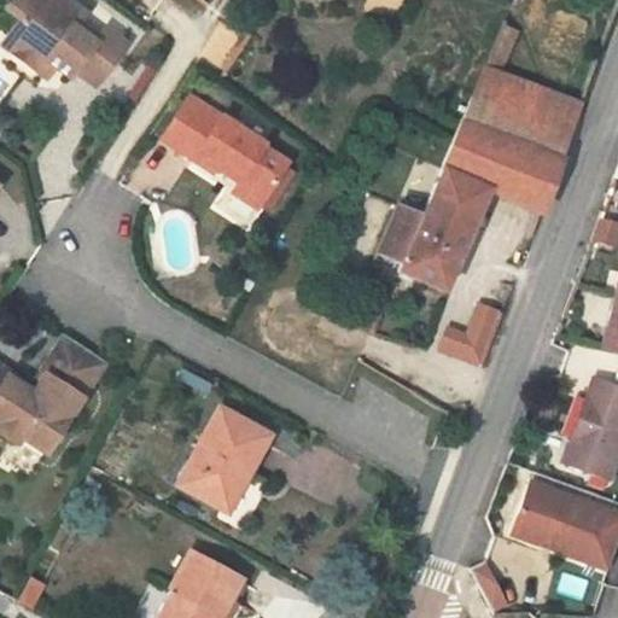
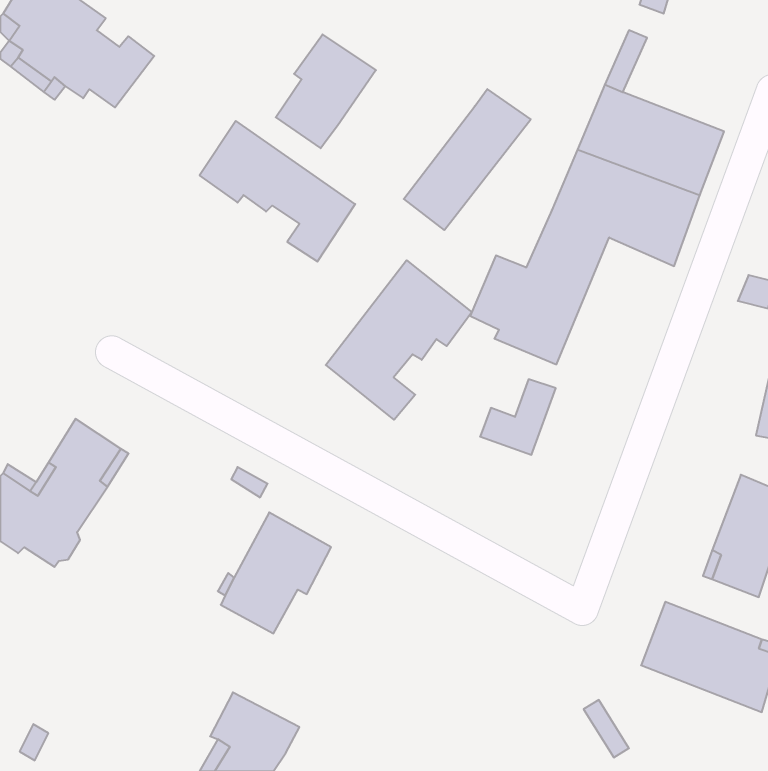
building: none -> [276,34,376,148]
building: none -> [404,89,531,230]
building: none -> [326,260,472,420]
building: [443,304,503,365] -> [480,379,556,455]

